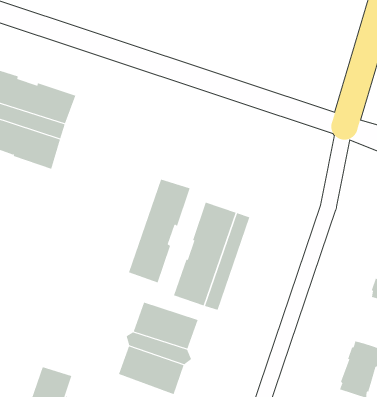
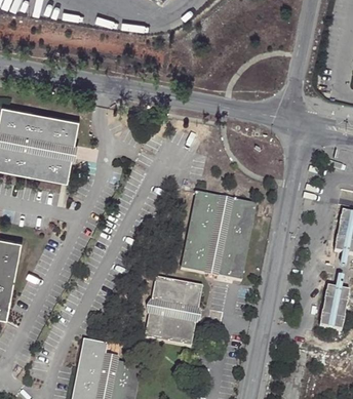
building: [128,179,190,283] -> [215,198,256,280]

